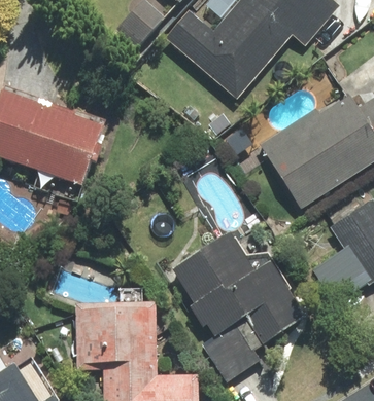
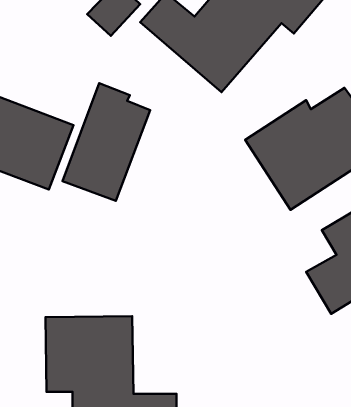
building: none -> [62,83,150,201]
building: [173,233,304,378] -> none

